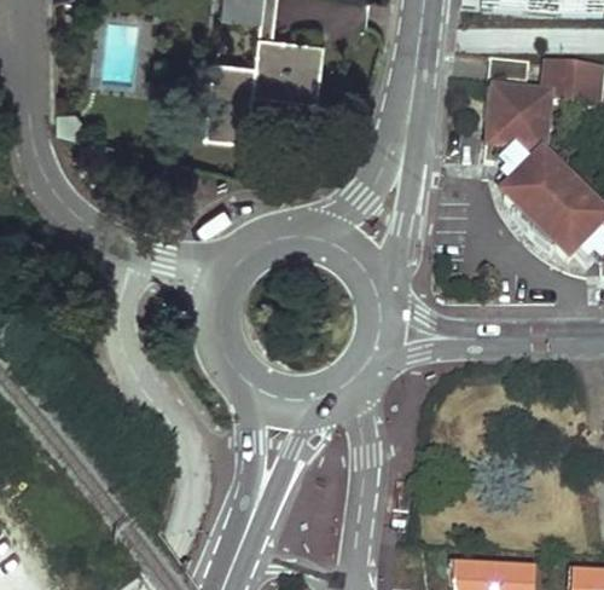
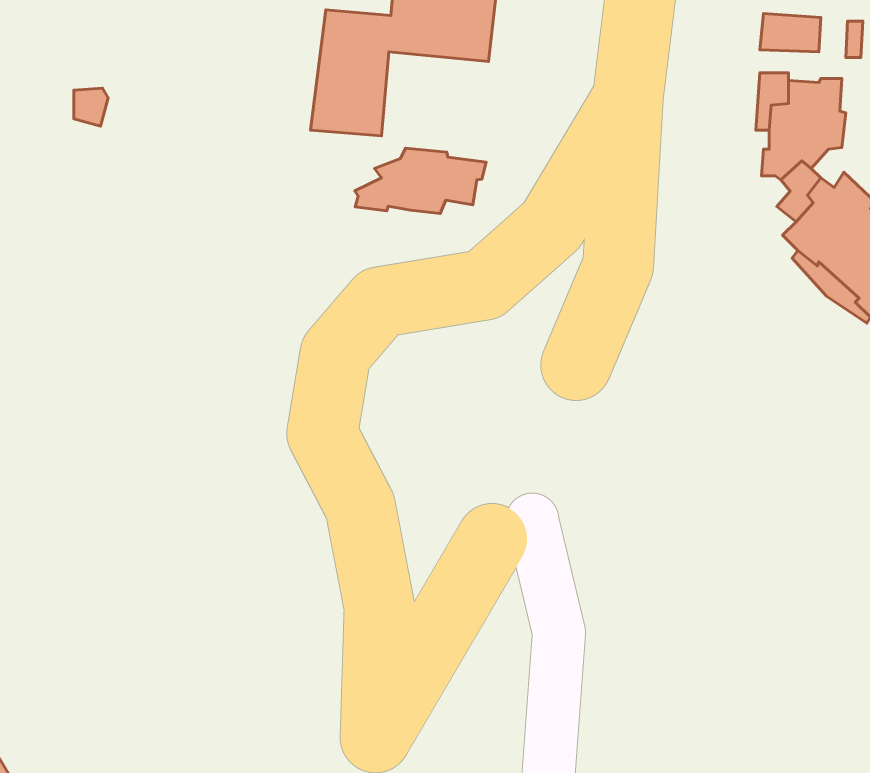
building: none -> [355,148,486,214]

